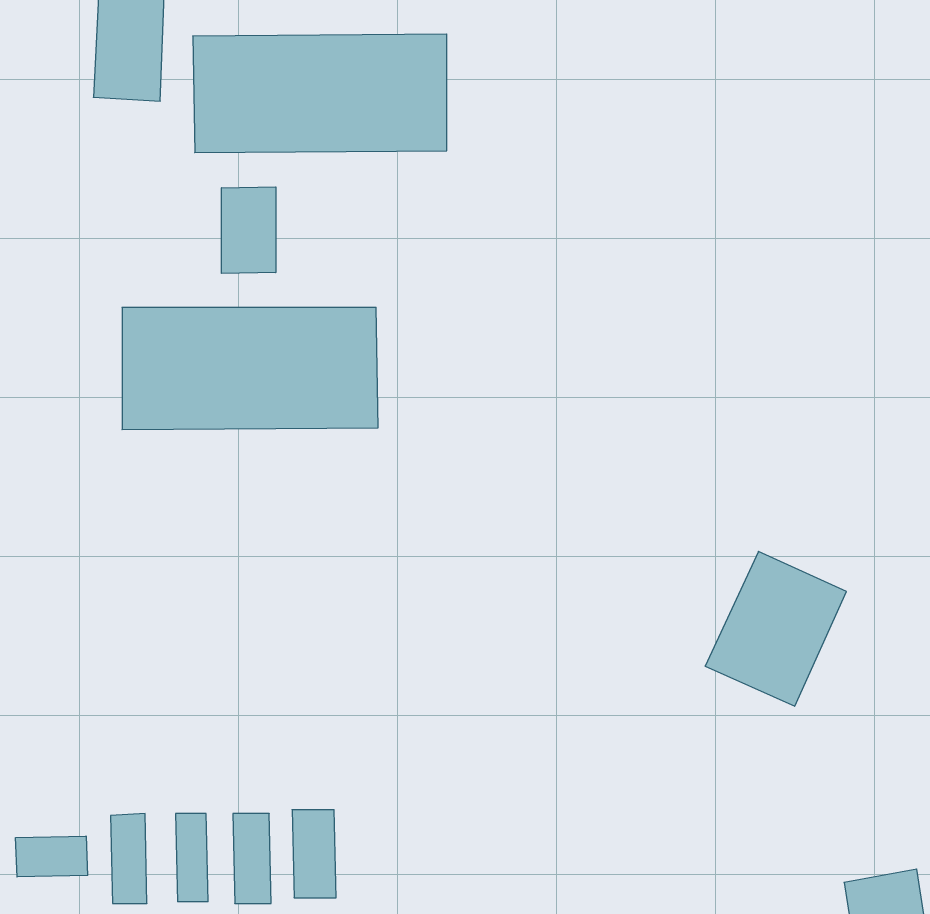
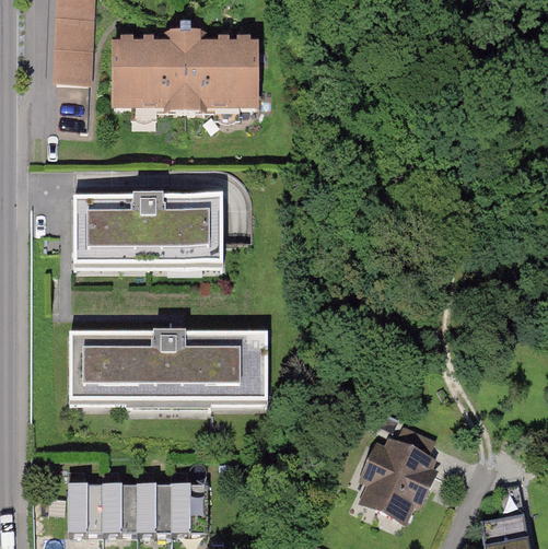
building: [222,187,276,273] -> none
building: none -> [71,331,266,398]
building: [705,551,846,706] -> [359,435,440,524]
building: [16,836,88,877] -> none

